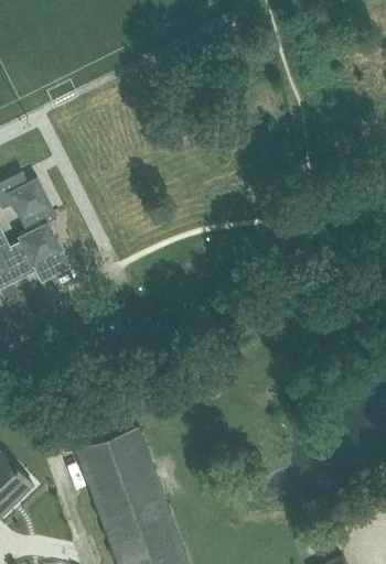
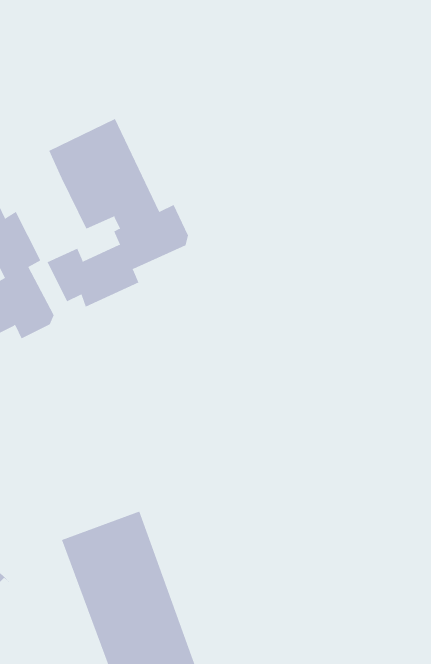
building: none -> [47,118,189,308]

